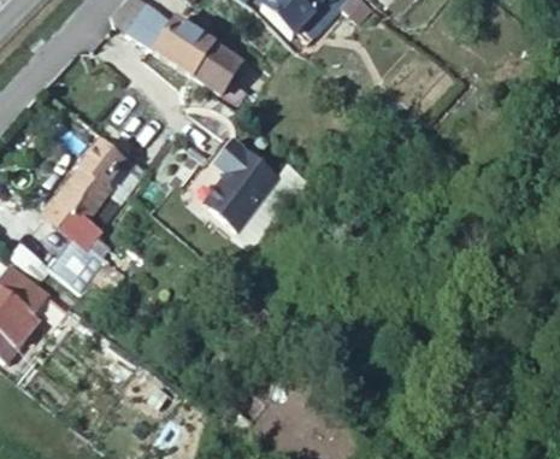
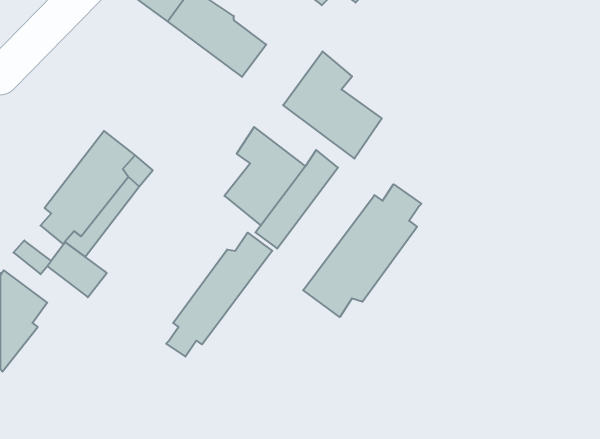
building: none -> [283,51,382,159]
building: none -> [303,184,421,317]
building: none -> [166,233,272,357]

